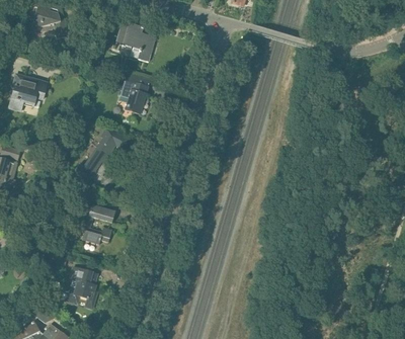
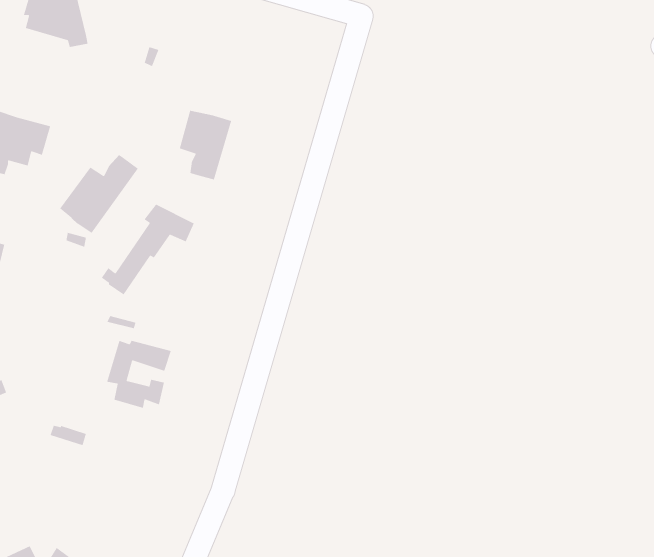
building: [115,22,155,61] -> none
building: none -> [59,154,139,234]
building: [65,265,98,309] -> none

